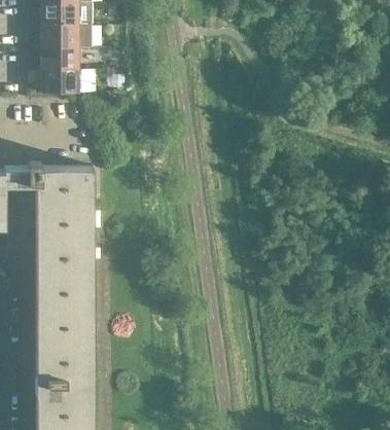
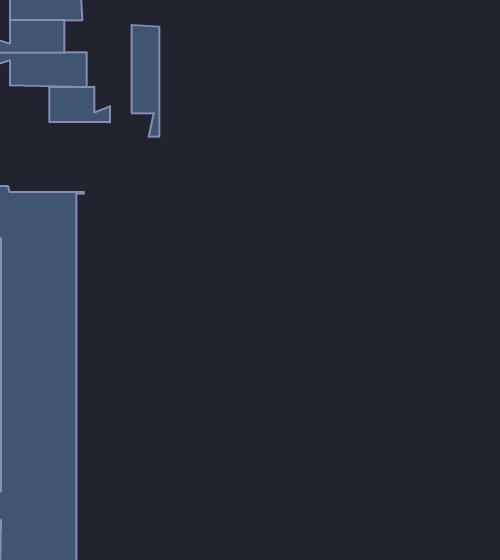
building: none -> [132,25,159,137]
building: none -> [49,87,110,122]

